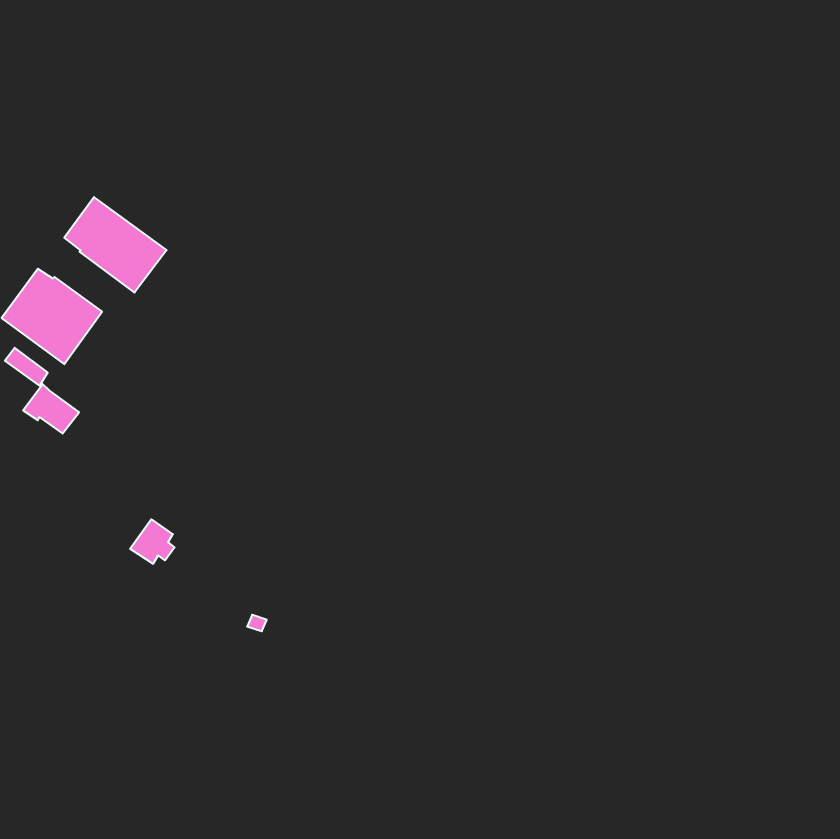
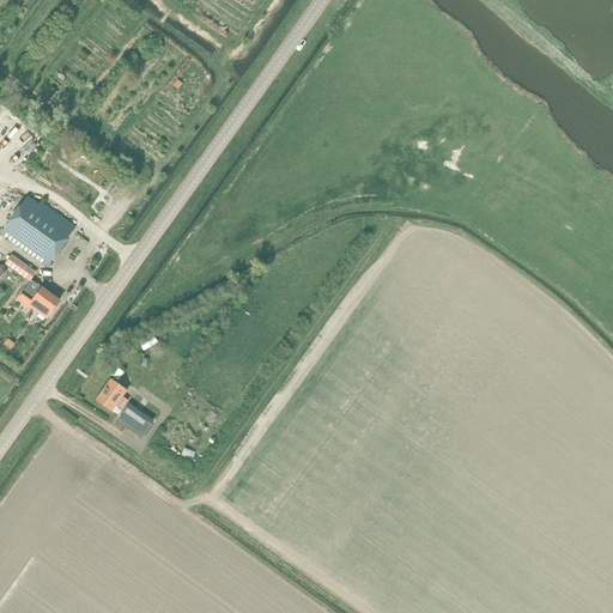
building: [64,197,167,293] -> none
building: none -> [117,402,152,435]

